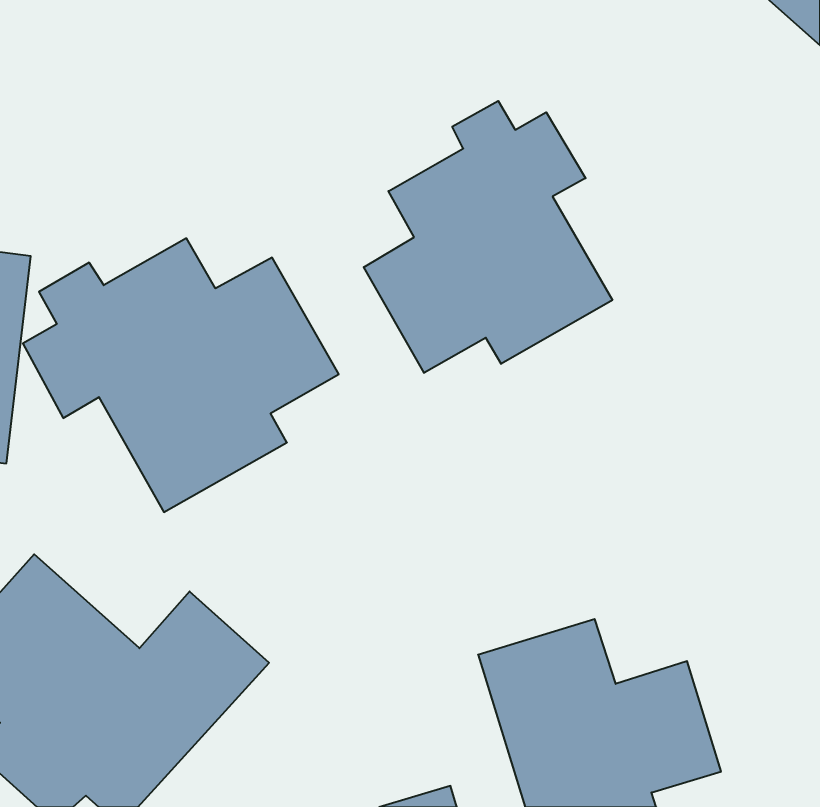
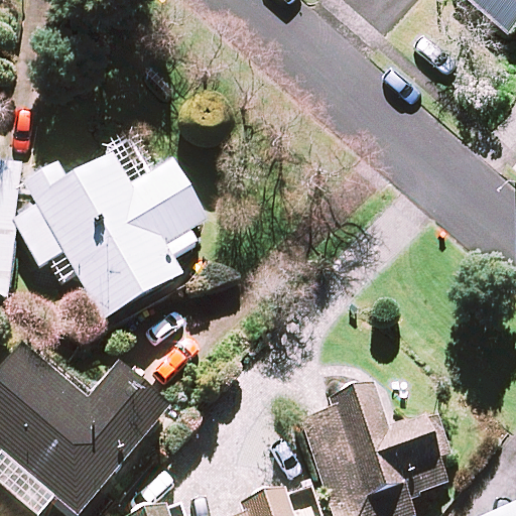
building: [364,101,612,373] -> none

